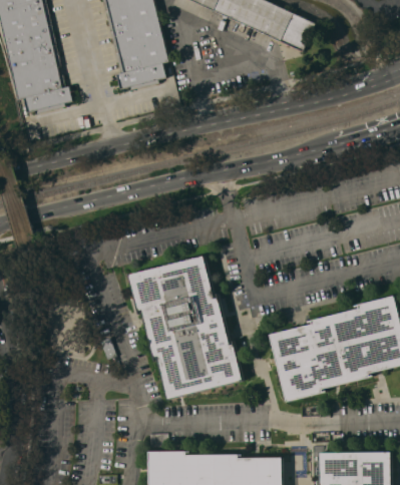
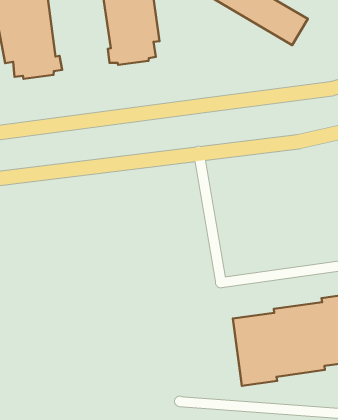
building: [128,256,243,399] -> none

